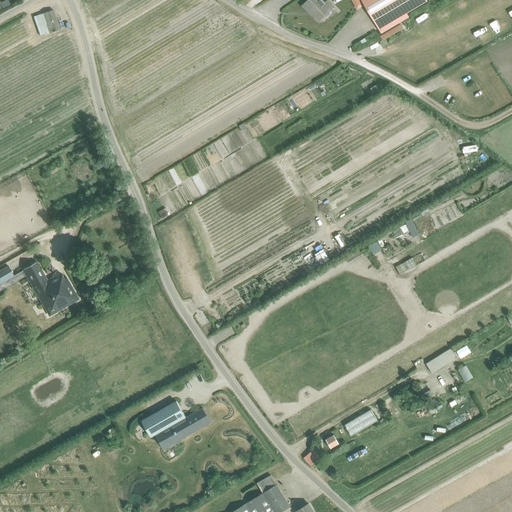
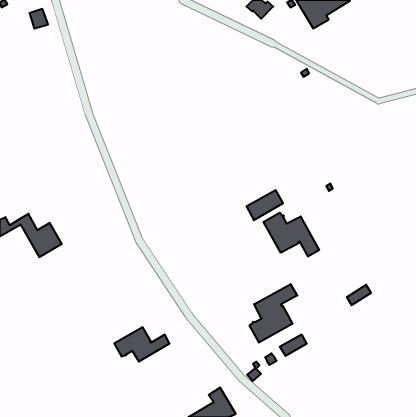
building: none -> [263,213,319,257]
building: none -> [250,284,297,343]

